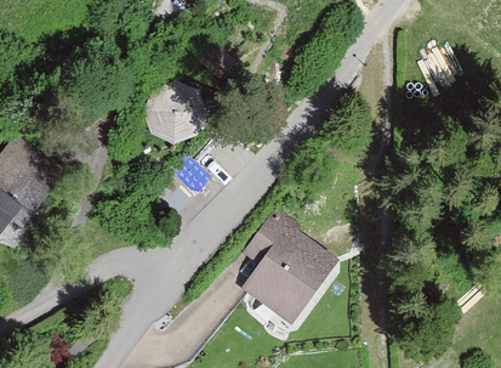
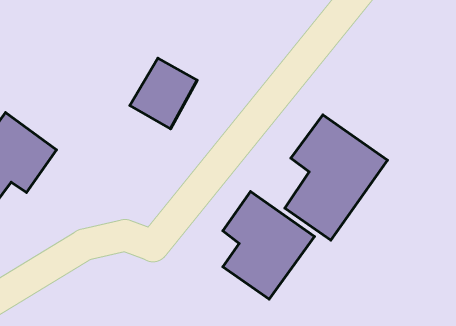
building: none -> [285,115,387,240]

